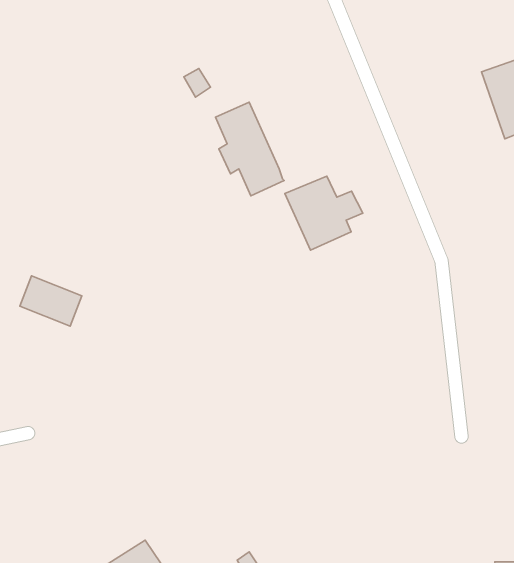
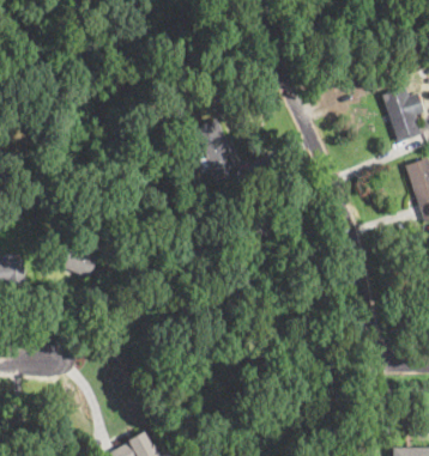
building: [285,176,363,250] -> none

